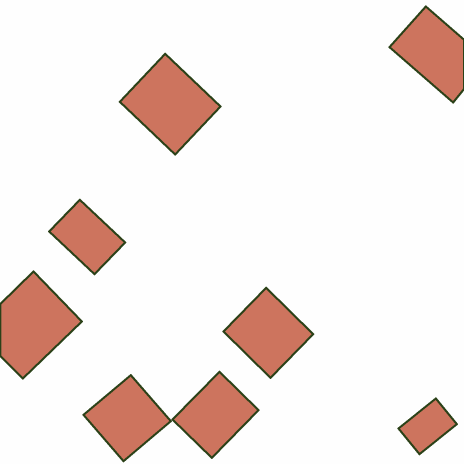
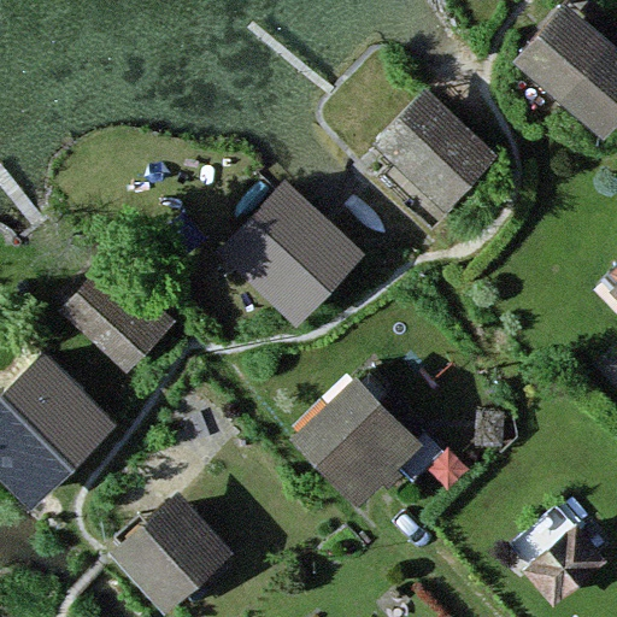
building: [120,54,221,155] -> [224,184,358,318]
building: none -> [377,94,494,210]
building: [173,372,259,458] -> none

